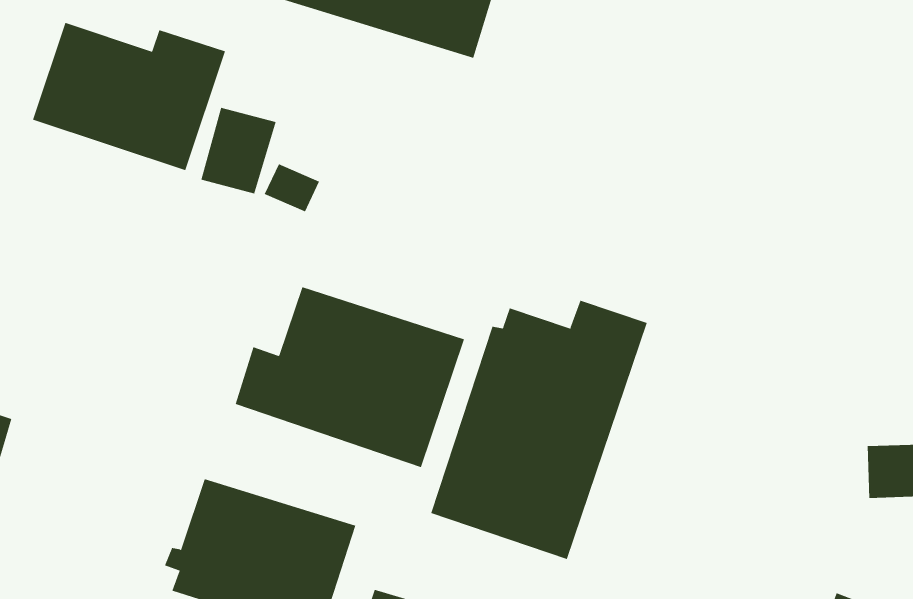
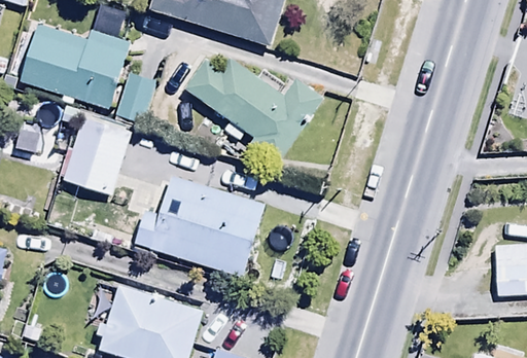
building: none -> [184,59,322,165]
building: none -> [64,115,131,193]
building: [430,300,648,560] -> none

